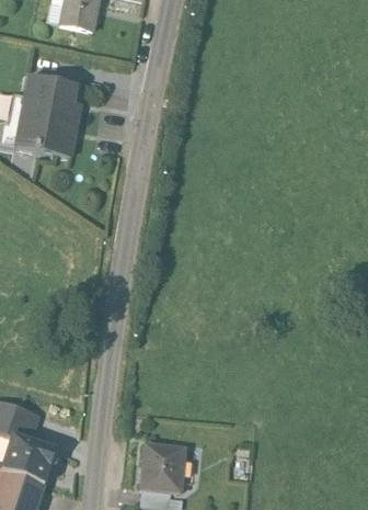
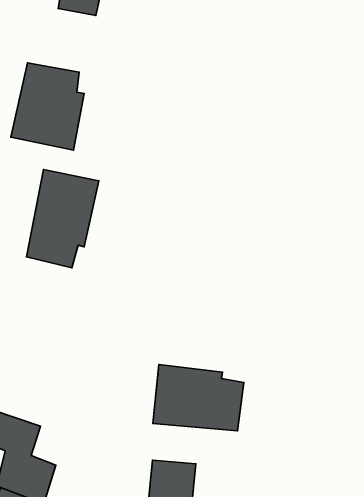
building: none -> [26,169,99,268]
building: none -> [153,365,244,431]

